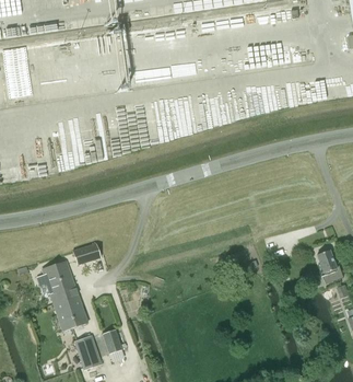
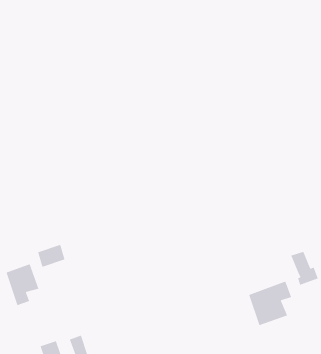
building: none -> [248,280,292,326]
building: [52,286,87,331] -> none

